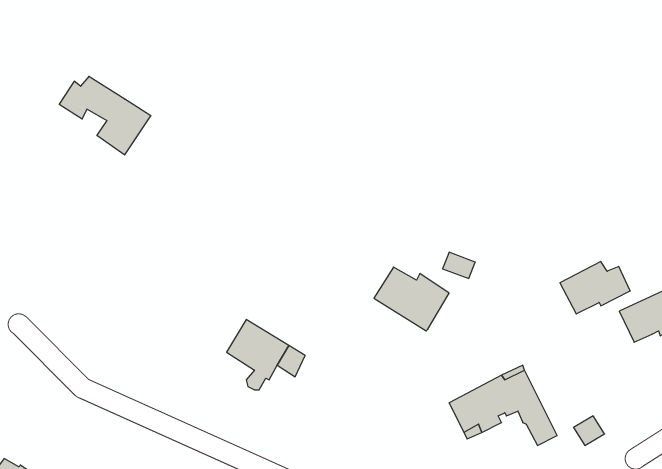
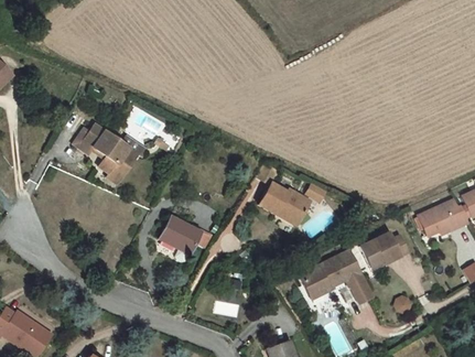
building: [59,76,151,155] -> [73,121,134,174]
building: [560,262,630,314] -> [364,230,411,266]

